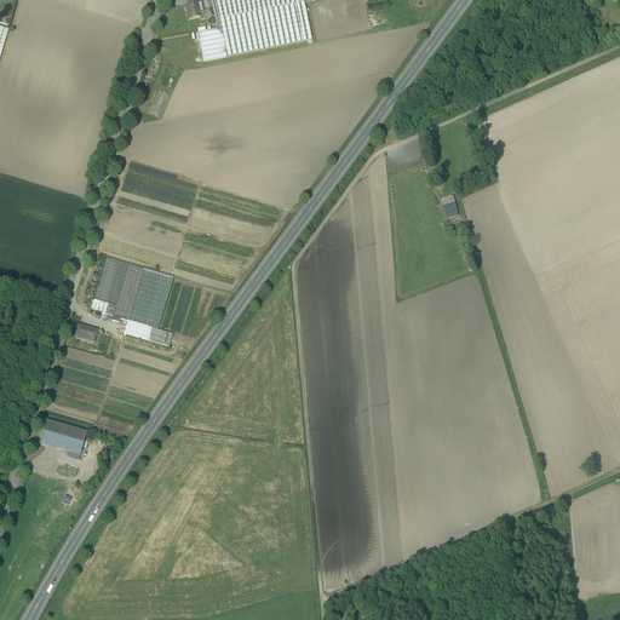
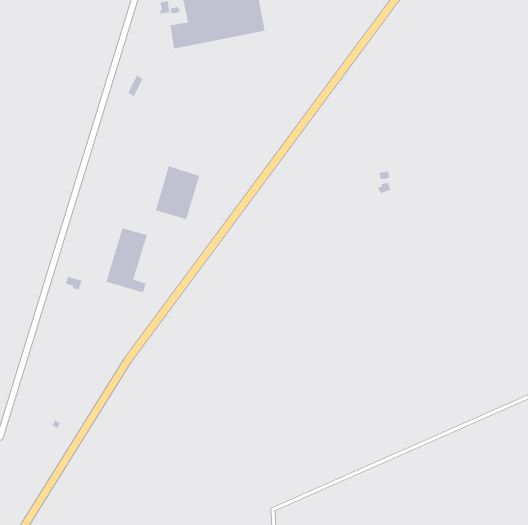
building: [90,254,143,318] -> [155,165,200,220]
building: [39,418,87,453] -> none

